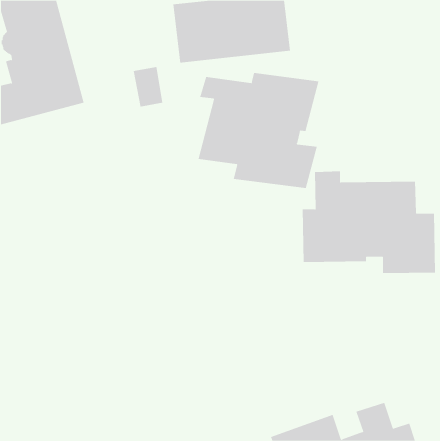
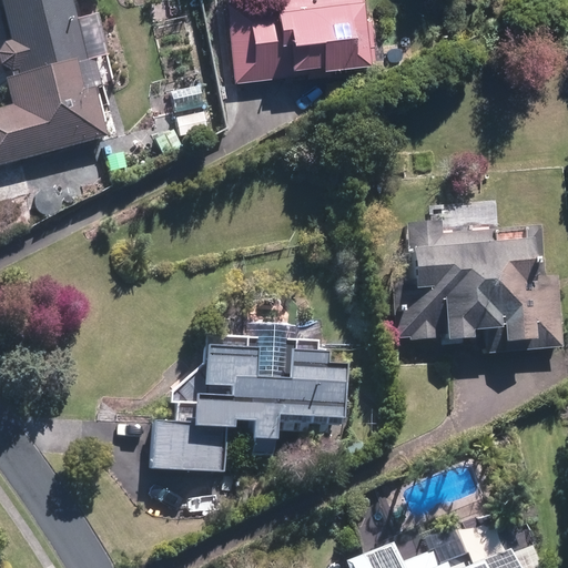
building: [198,72,319,189] -> none
building: none -> [151,323,337,469]

